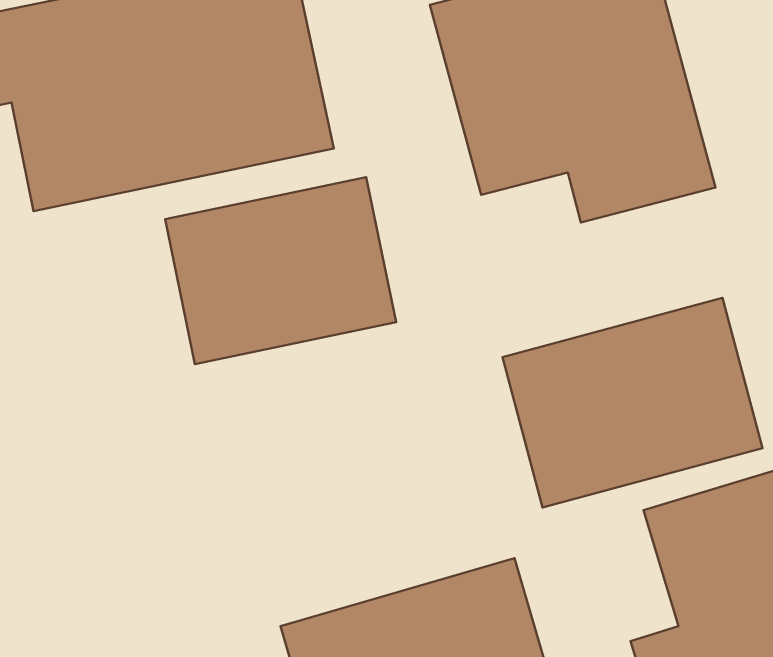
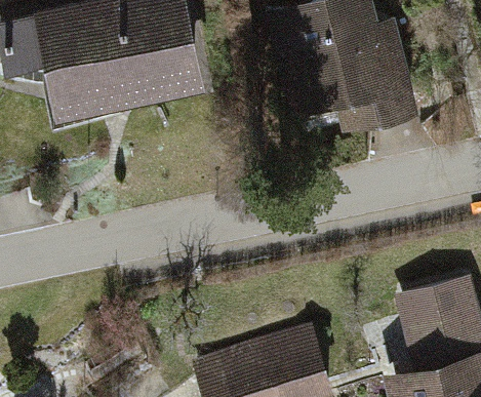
building: [165,177,396,364] -> none
building: [502,298,763,507] -> none

